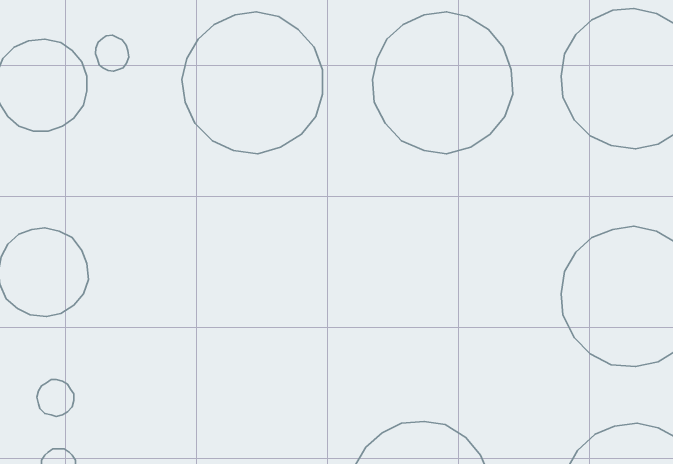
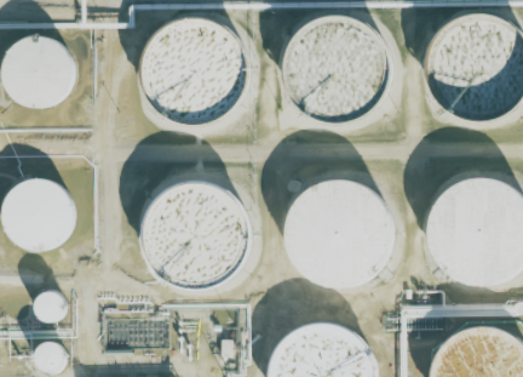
building: [96,35,129,71] -> none
building: none -> [285,181,390,286]
building: none -> [143,183,248,289]

